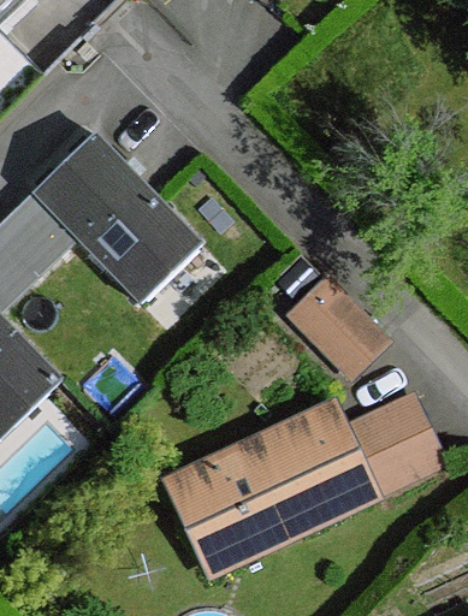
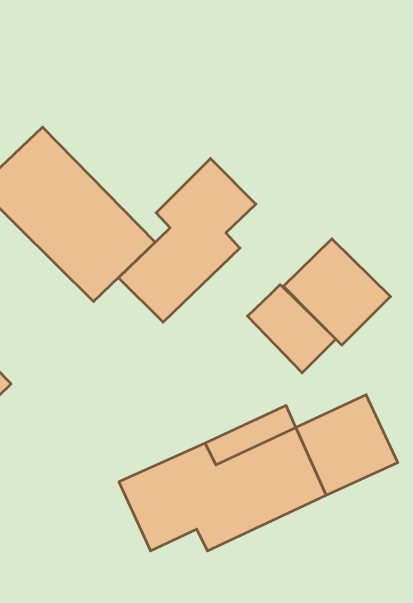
building: none -> [118,158,256,322]
building: none -> [284,239,391,345]

